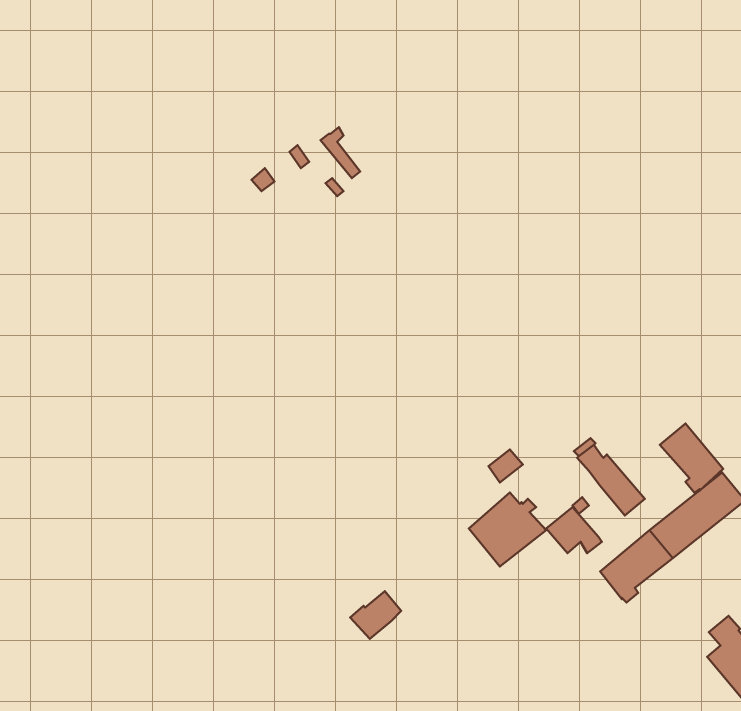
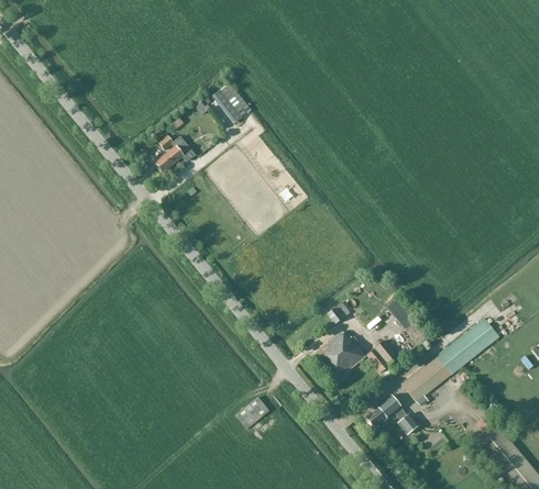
building: none -> [156,134,195,170]
building: [660,423,723,493] -> none
building: none -> [367,394,420,434]

